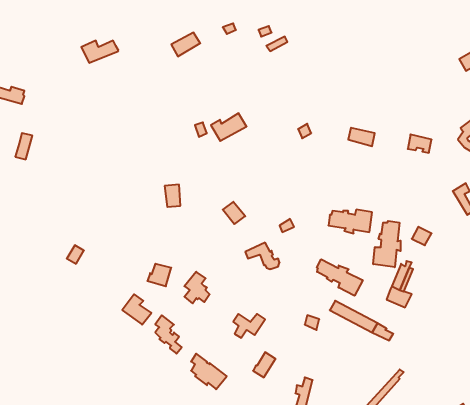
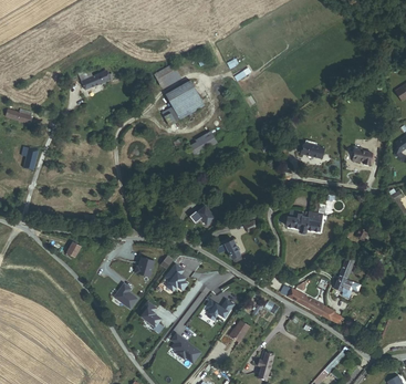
building: none -> [162,80,204,125]
building: [373,221,401,267] -> none
building: [317,259,363,296] -> none

